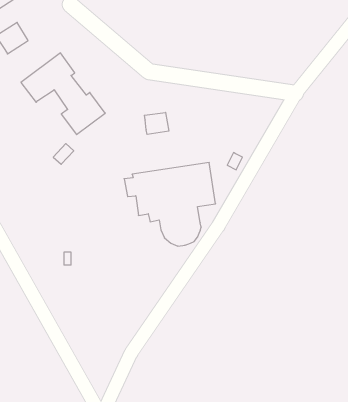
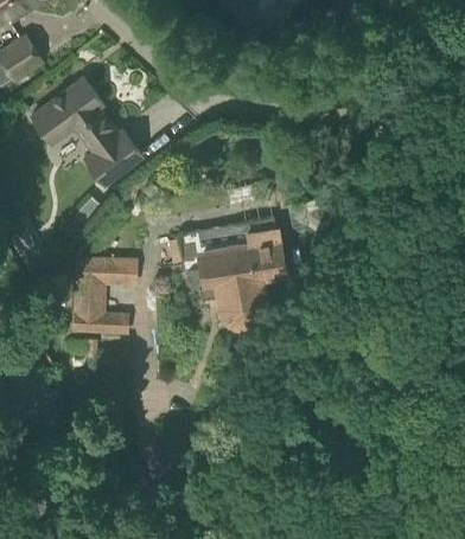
building: [144,112,169,134] -> none
building: none -> [74,257,136,334]

